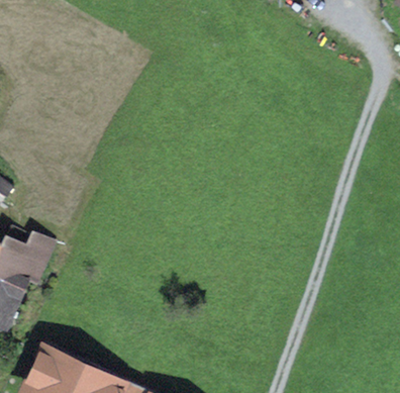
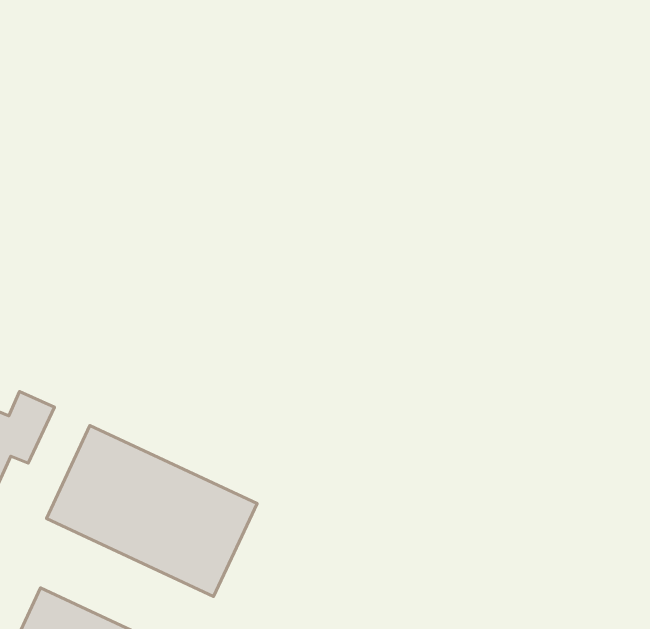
building: none -> [46,426,257,597]

